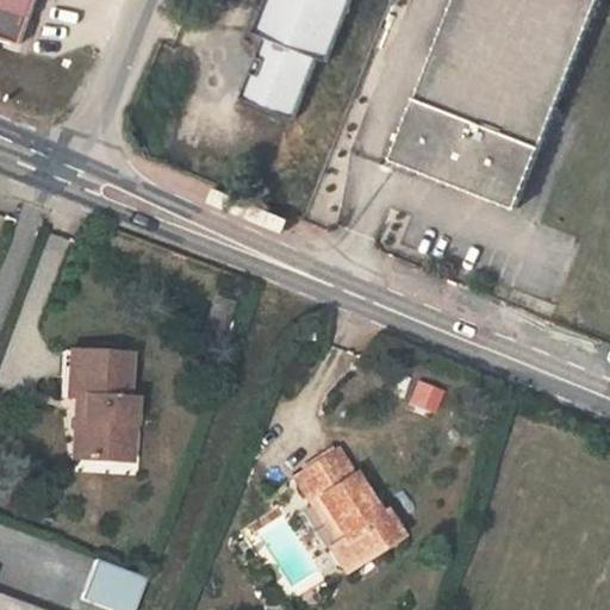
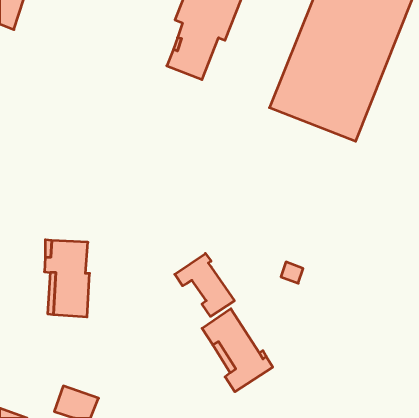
building: none -> [175,253,234,316]

